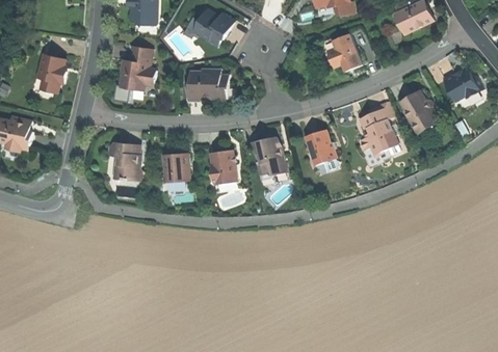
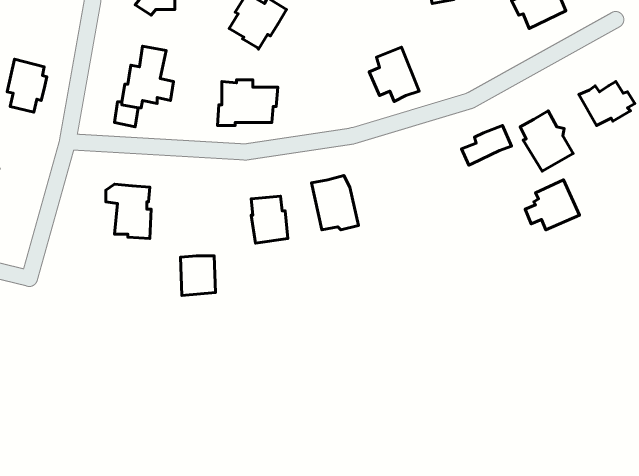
building: [325,32,361,71] -> [369,47,419,101]
building: [359,118,397,154] -> [525,180,580,230]
building: [307,129,336,164] -> none
building: [163,154,188,182] -> [180,256,216,295]

